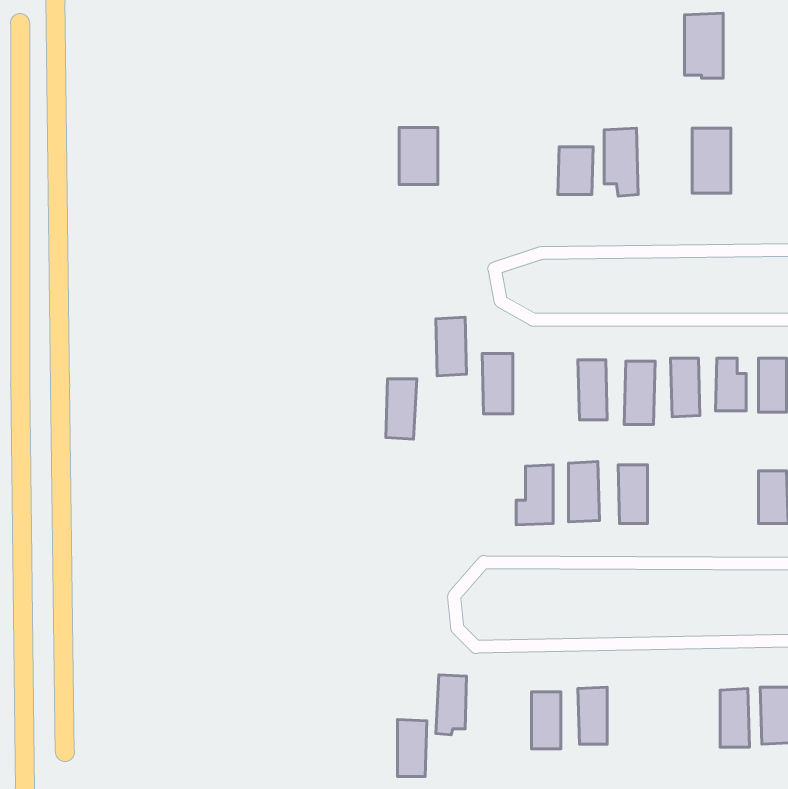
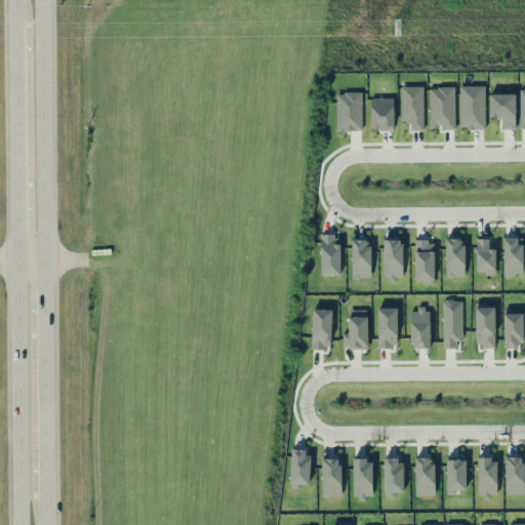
building: [685,13,723,78] -> [431,86,456,129]
building: [399,127,438,185] -> [337,92,363,130]
building: none -> [490,93,517,129]
building: [436,317,467,376] -> [352,239,372,278]
building: [386,379,417,439] -> [313,309,333,349]
building: none -> [443,299,462,348]
building: none -> [476,307,496,347]
building: none -> [415,458,436,494]
building: none -> [447,458,467,494]
building: [397,719,427,776] -> [323,457,342,495]

